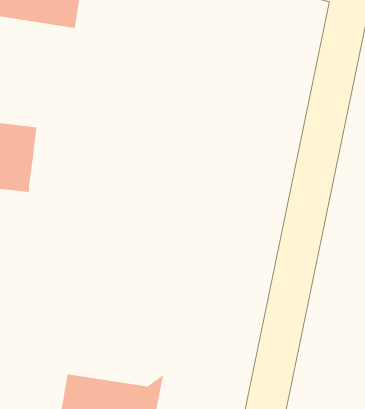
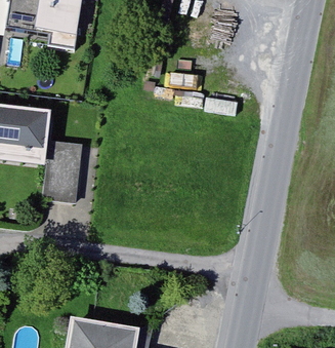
building: none -> [42,139,83,202]

